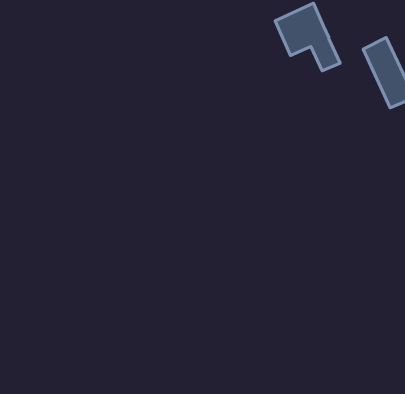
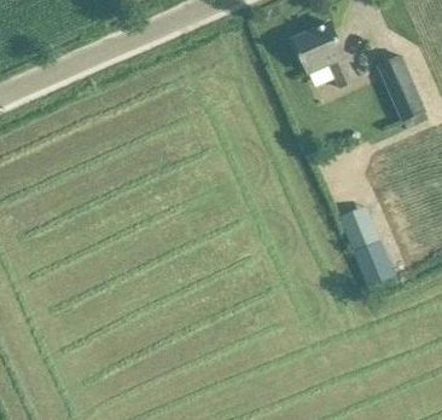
building: none -> [343,213,394,286]

